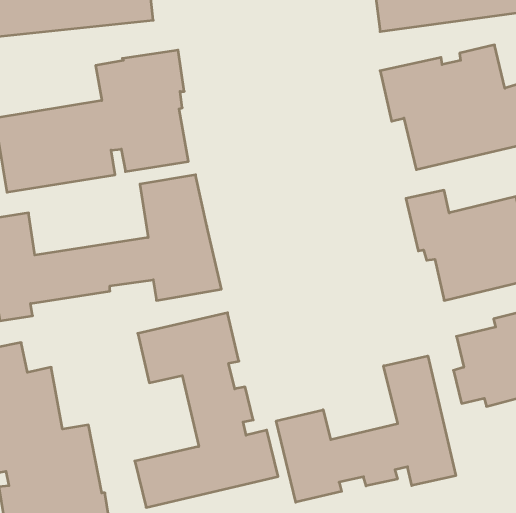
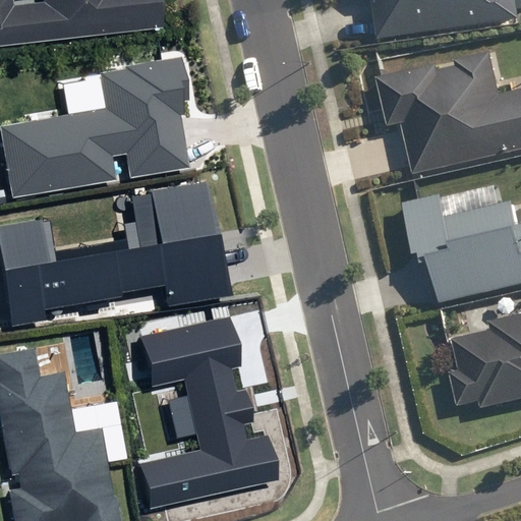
building: [276,356,456,502] -> none

